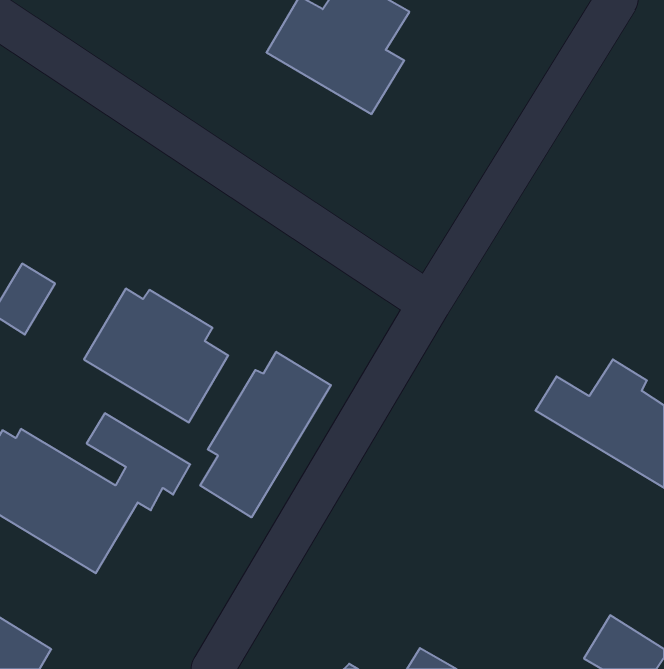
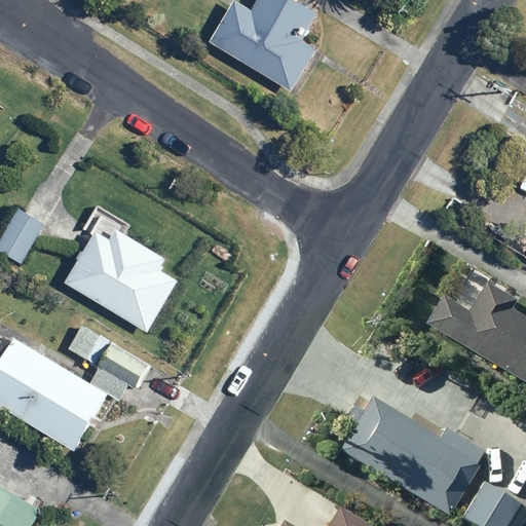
building: [200,352,331,517] -> none
building: none -> [333,397,476,516]

